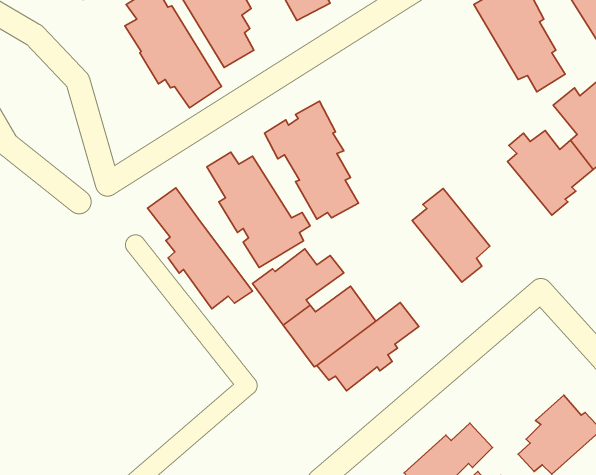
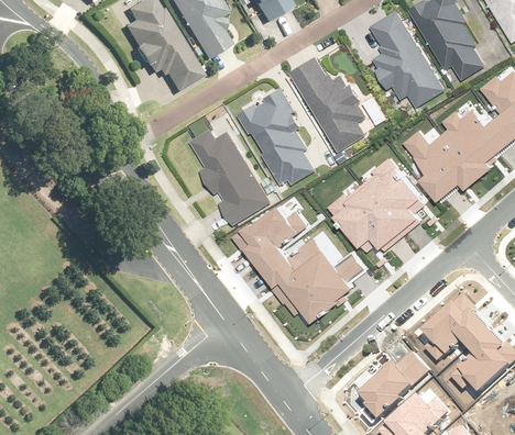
building: none -> [373,10,447,107]
building: none -> [293,56,370,150]
building: none -> [401,132,475,203]
building: [148,188,252,309] -> none
building: none -> [325,185,402,254]
building: none -> [416,293,485,361]

